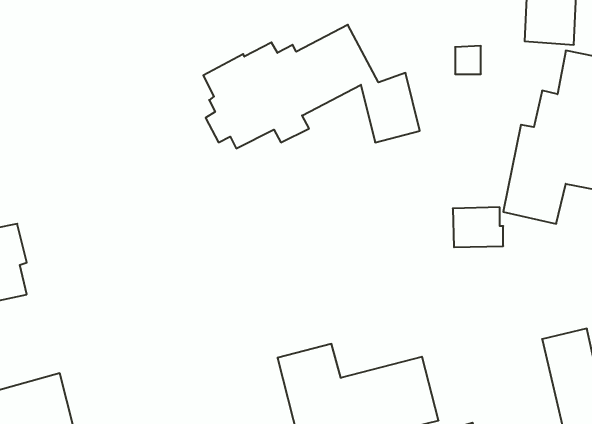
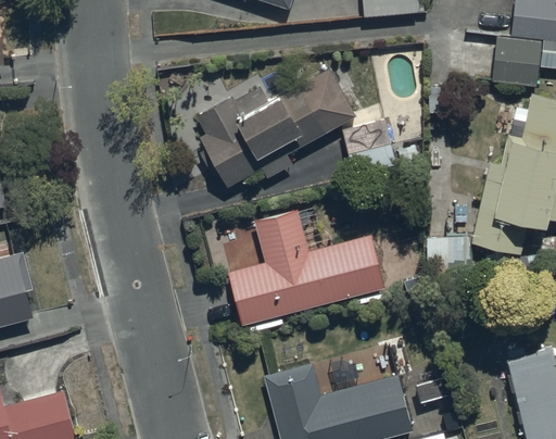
building: none -> [228,211,384,326]

